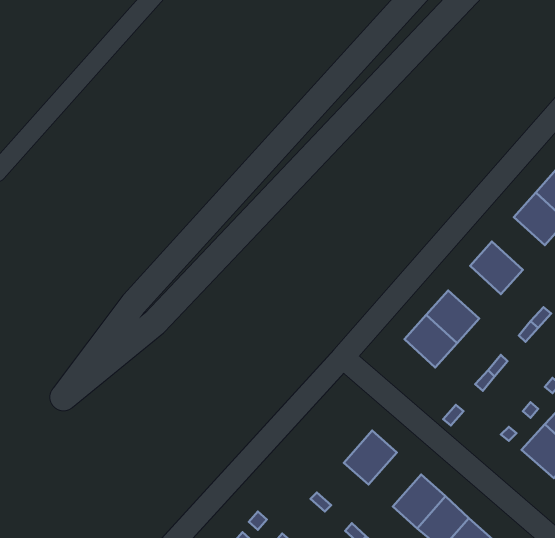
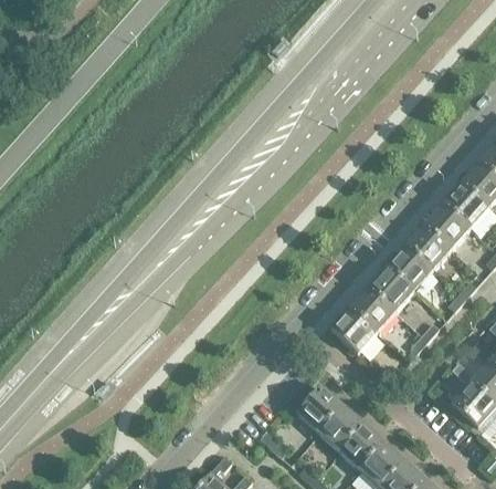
building: none -> [425,202,471,248]
building: none -> [388,245,433,290]
building: none -> [330,308,377,353]
building: none -> [319,405,365,451]

